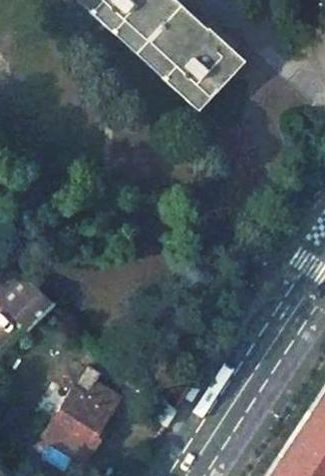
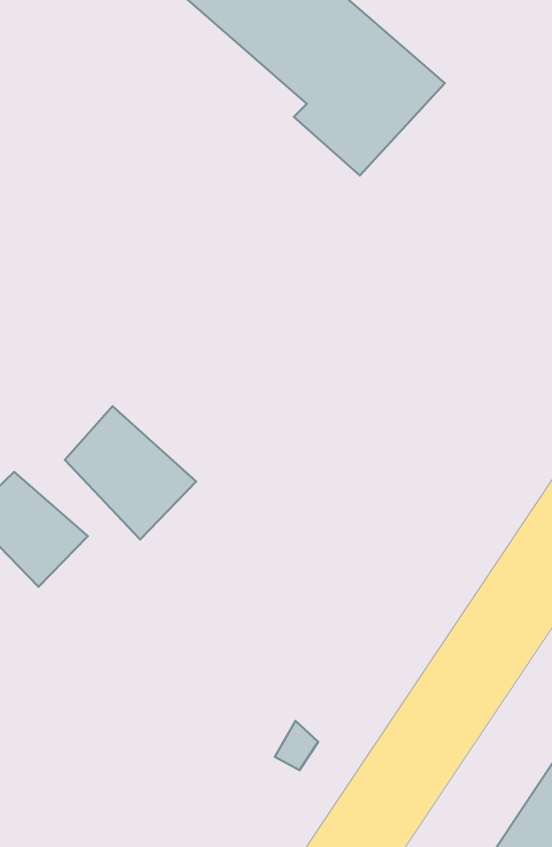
building: none -> [65,406,196,540]
building: [45,365,121,462] -> none

